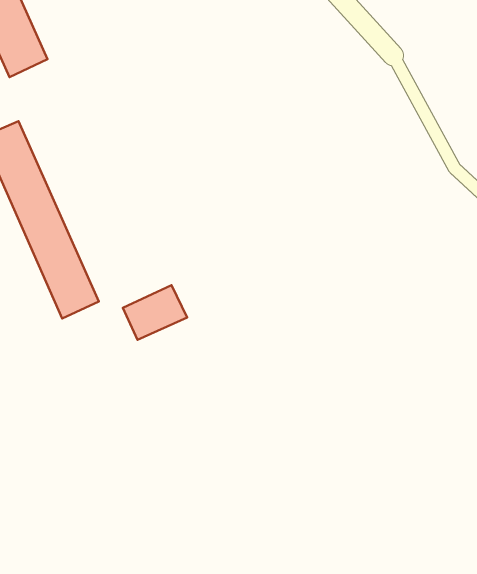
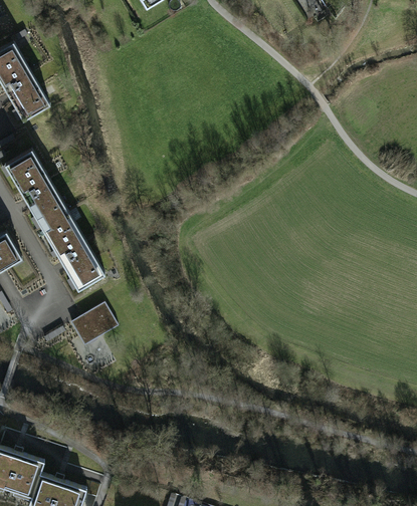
building: [123,285,187,340] -> [69,302,117,344]

